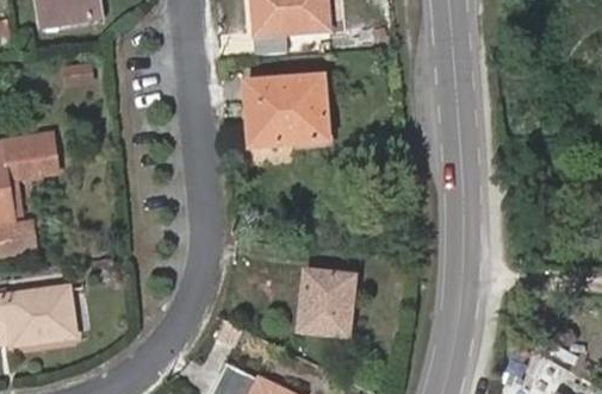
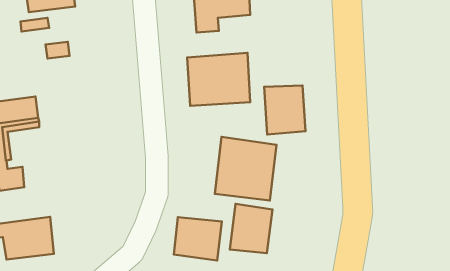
building: none -> [264,85,306,135]
building: none -> [215,137,277,200]
building: none -> [174,217,222,260]

